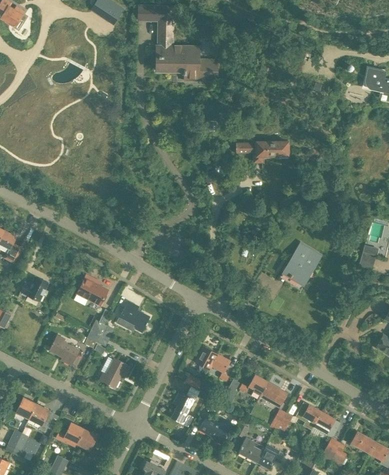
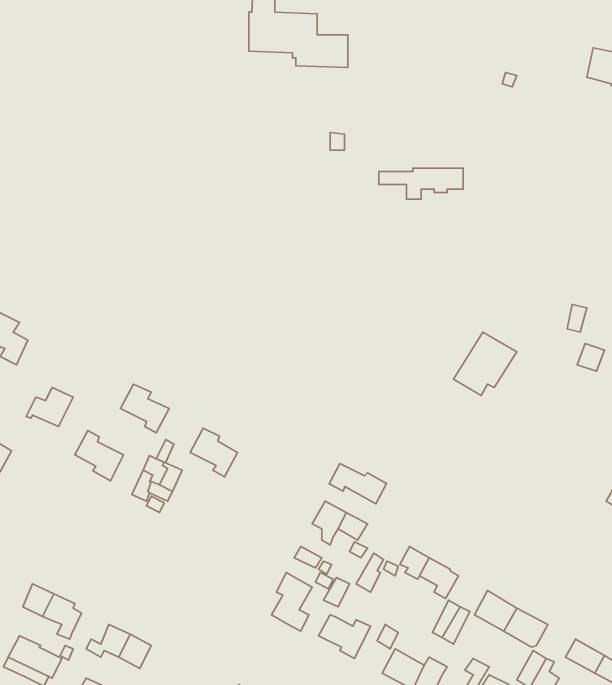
building: none -> [329,464,387,504]
building: [49,335,79,366] -> [75,430,124,481]
building: [99,358,129,388] -> none

